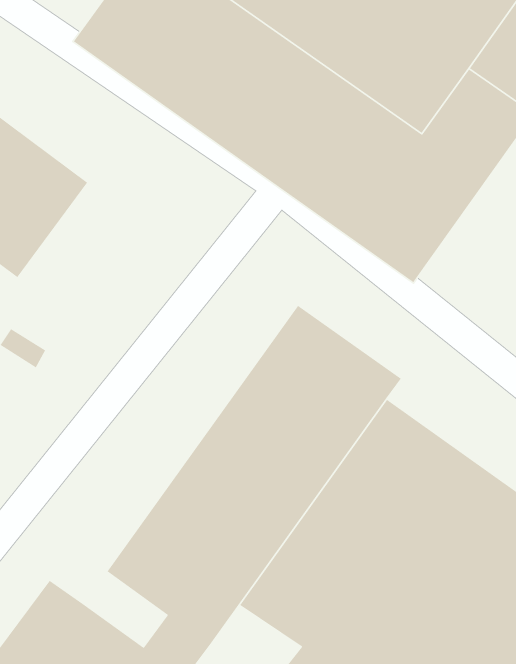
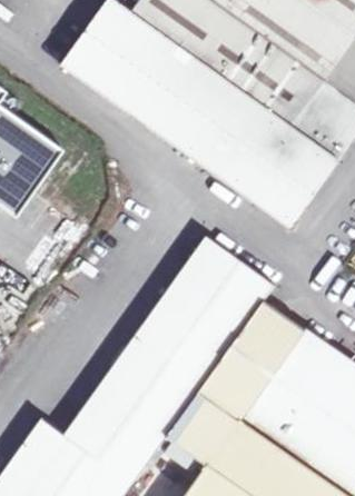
building: none -> [66,416,121,466]

